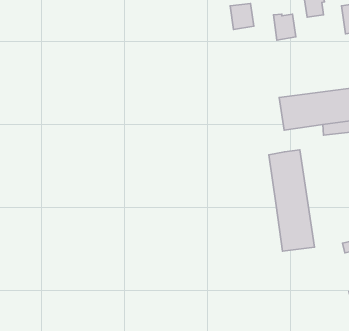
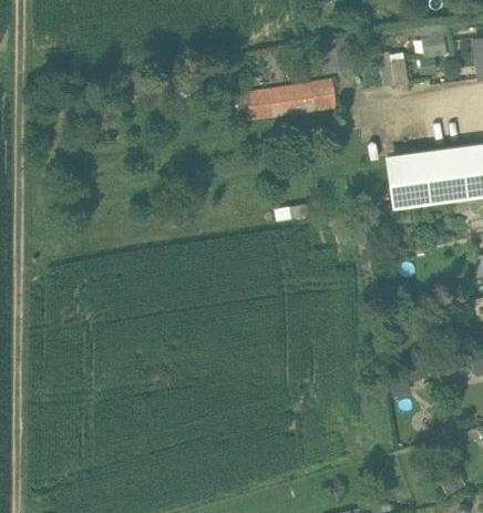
building: none -> [234,80,337,121]
building: [269,150,314,251] -> none

